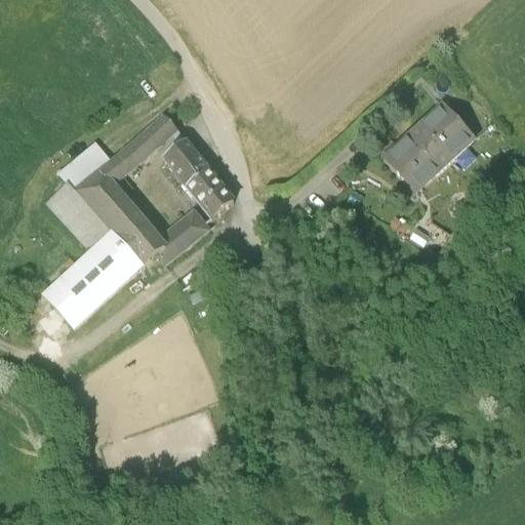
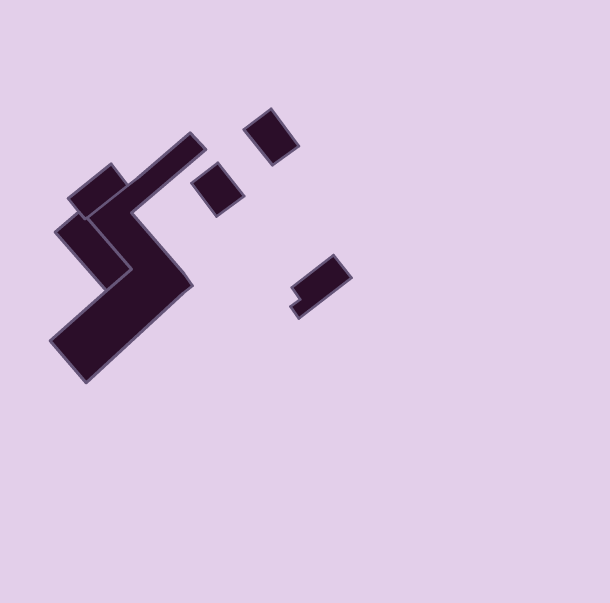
building: [385,104,475,191] -> none
building: [187,168,234,216] -> [244,109,299,165]
building: [158,207,210,261] -> [290,255,351,318]

